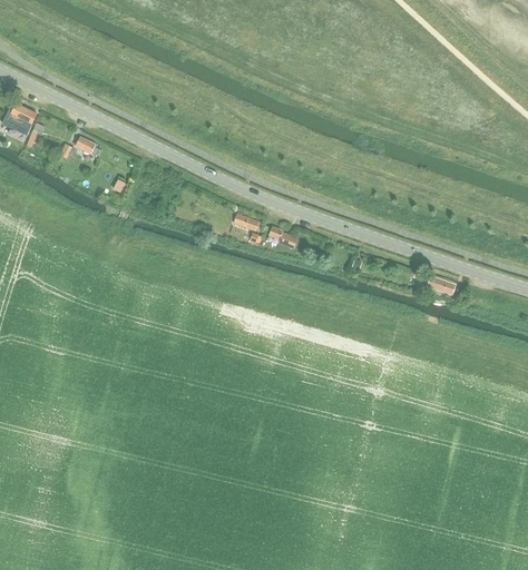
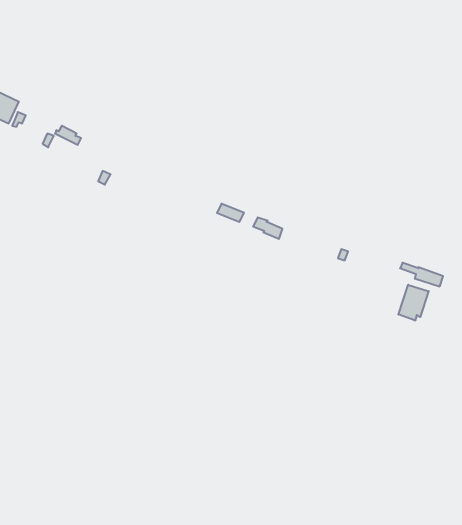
building: none -> [398,285,429,321]

